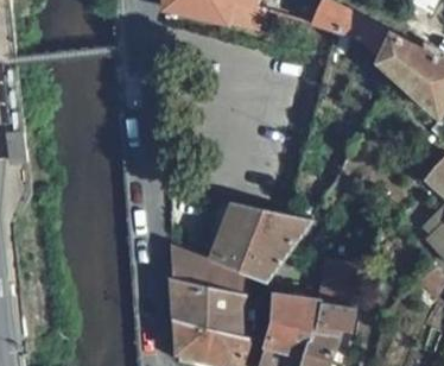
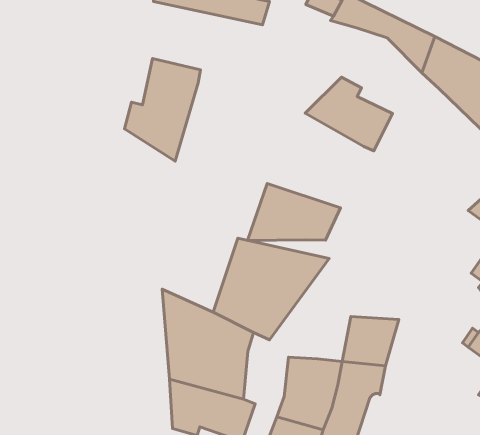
building: none -> [125,59,200,161]
building: none -> [305,77,393,151]
building: none -> [247,183,341,240]

